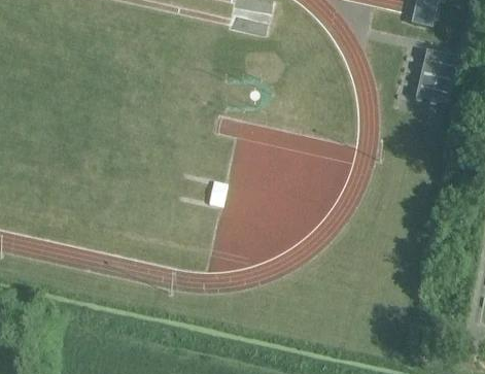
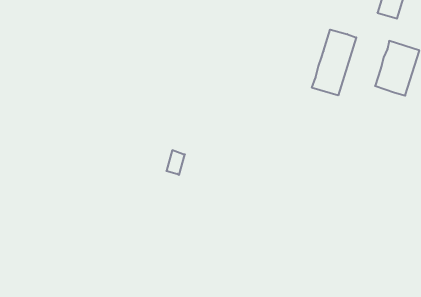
building: none -> [312,30,356,95]

